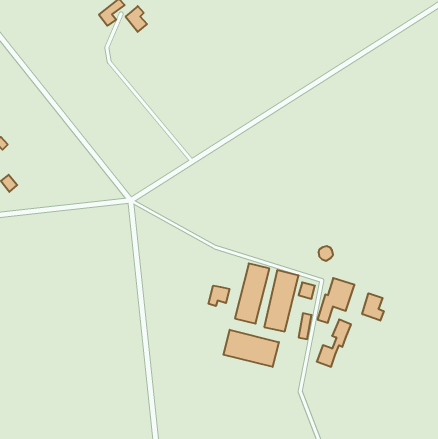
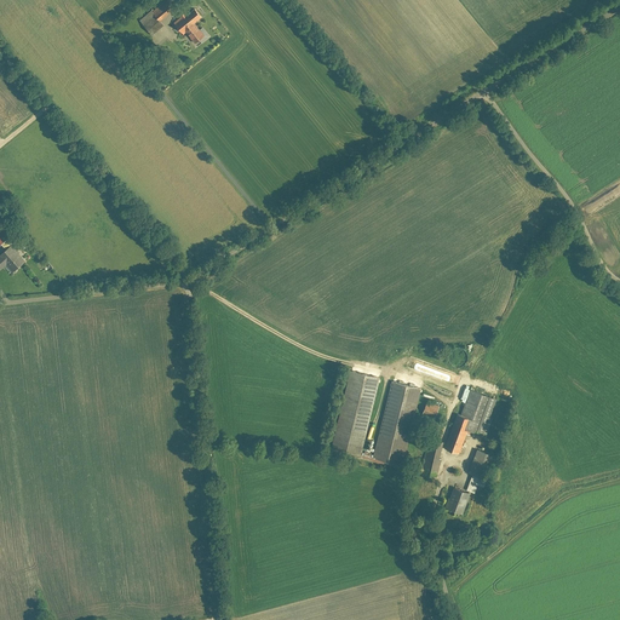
building: [208,286,229,306] -> none
building: [362,293,384,321] -> none
building: [223,330,279,367] -> none

